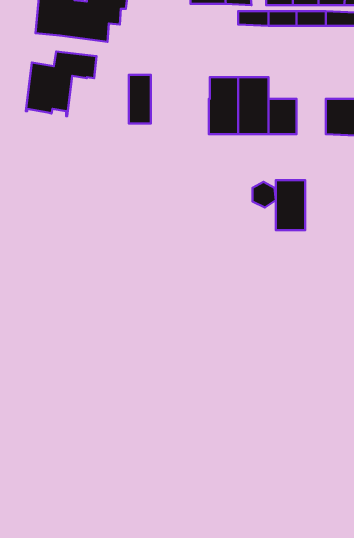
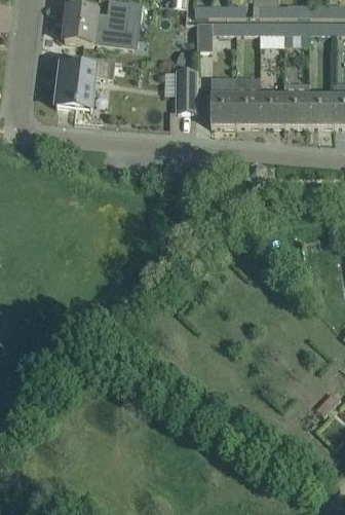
building: none -> [196,22,234,49]
building: [129,75,151,123] -> [177,70,195,111]
building: [276,180,305,230] -> [283,83,308,125]

